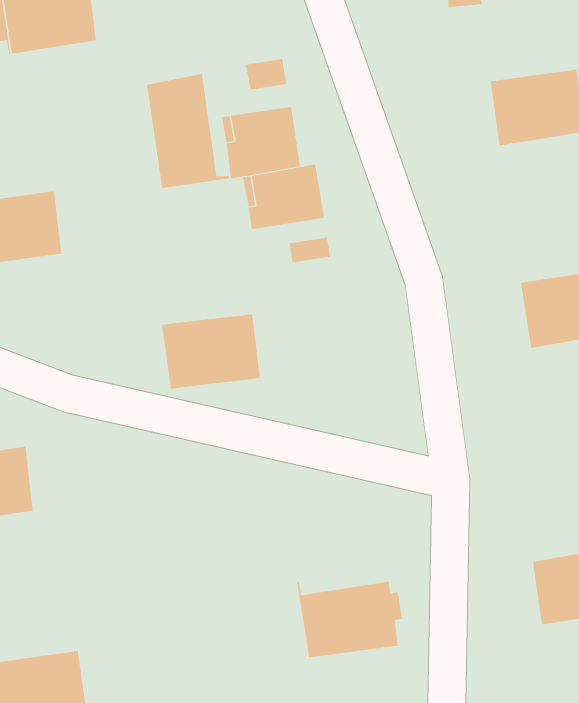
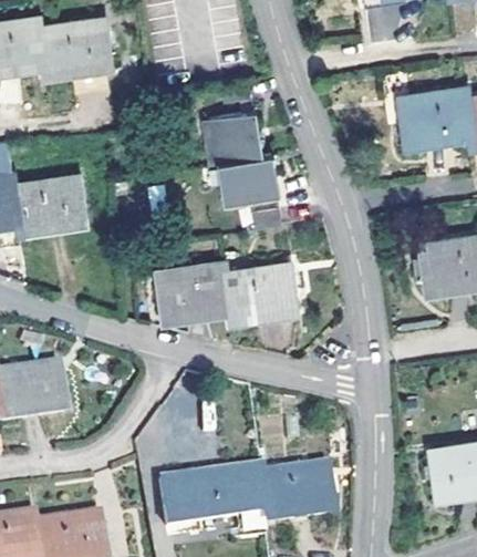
building: [146,73,230,189] -> none
building: none -> [226,262,299,319]
building: none -> [160,462,266,525]

